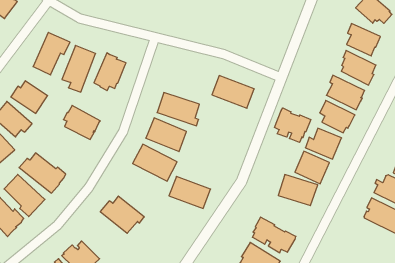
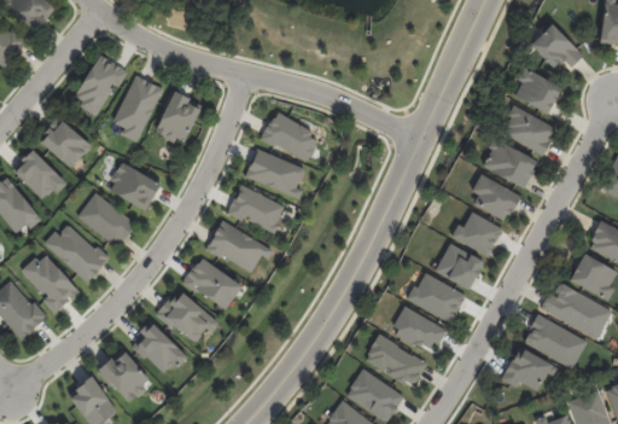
building: [212,76,254,108] -> [258,114,319,162]
building: [275,108,311,142] -> none
building: none -> [77,192,136,246]
building: [169,176,211,208] -> [181,260,240,307]
building: none -> [389,306,443,352]
building: none -> [129,323,186,374]
building: none -> [499,347,550,391]

